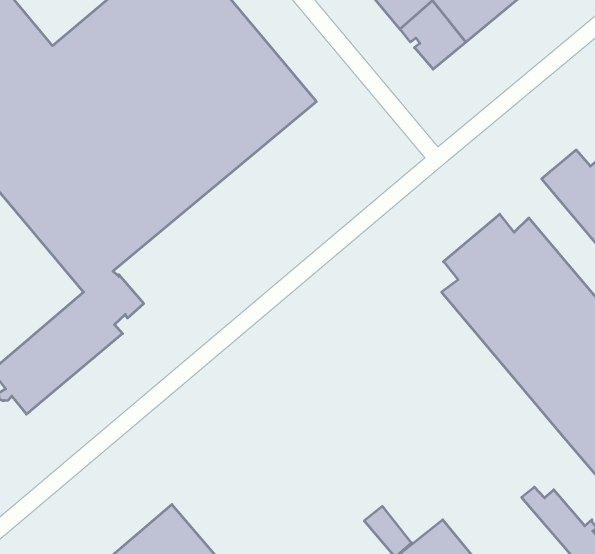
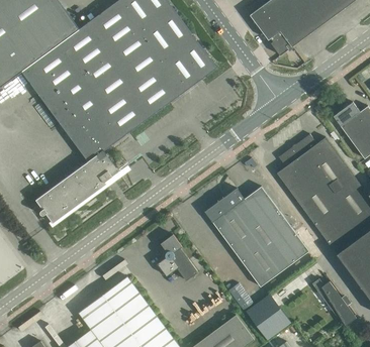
building: none -> [204,186,308,286]
building: none -> [157,234,197,279]

